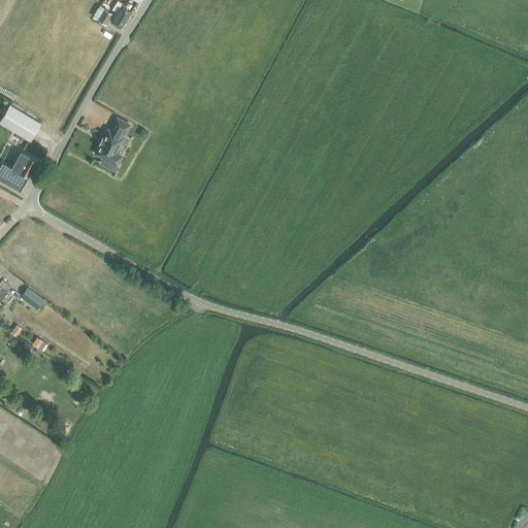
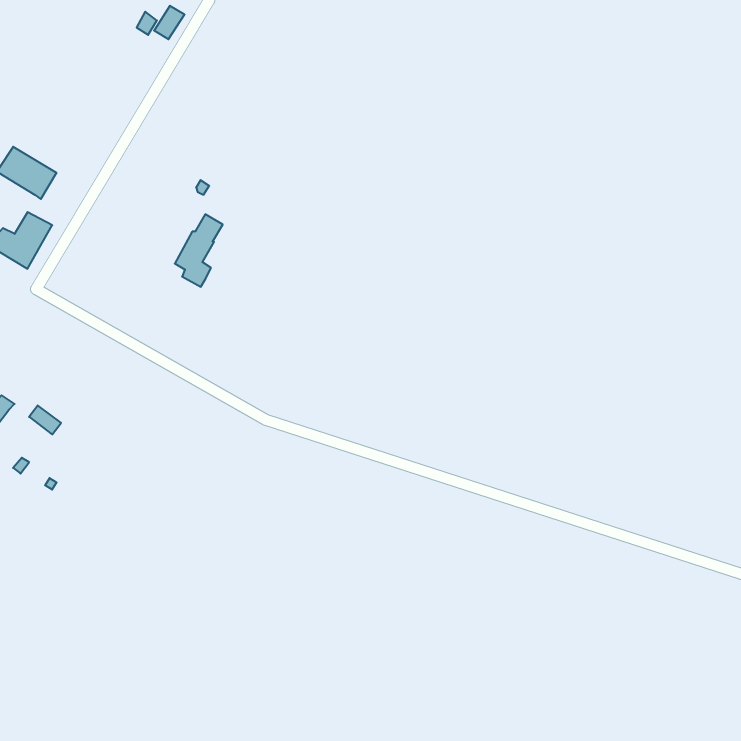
building: [95,119,129,170] -> [175,214,223,287]

